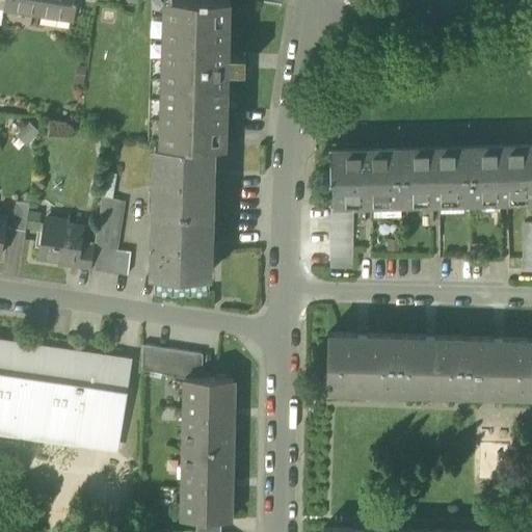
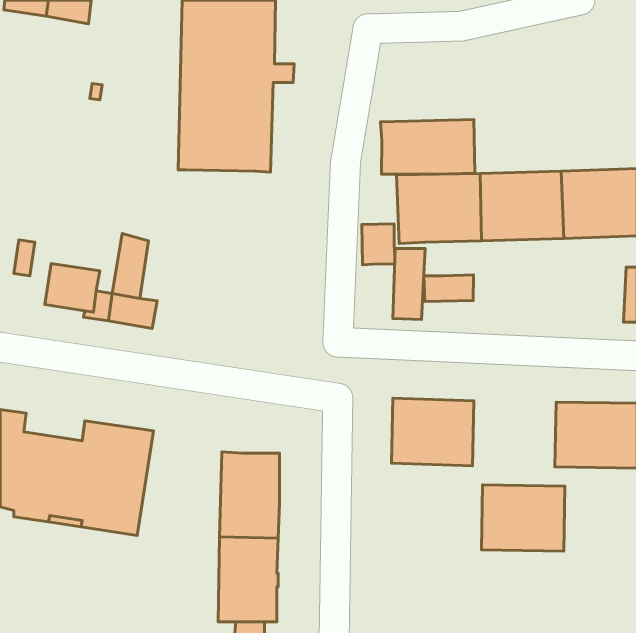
building: none -> [380,120,475,174]
building: [154,145,214,275] -> none
building: none -> [362,224,395,265]
building: none -> [424,275,474,302]
building: [395,338,464,393] -> [481,485,565,551]
building: [21,348,72,371] -> none
building: [142,348,204,381] -> none

